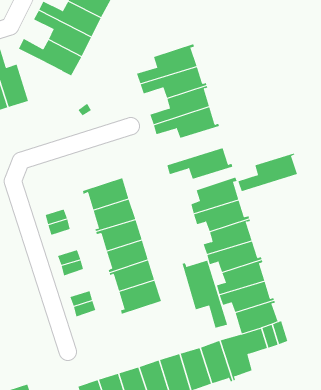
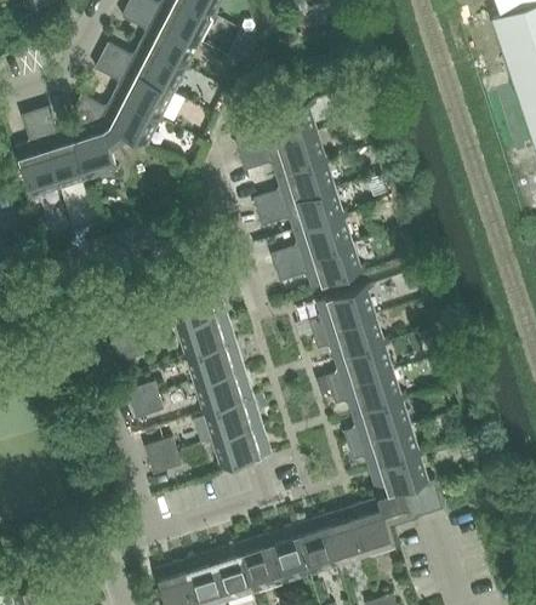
building: none -> [73,109,133,181]
building: [238,153,298,192] -> [272,215,354,268]
building: [182,260,228,328] -> none

